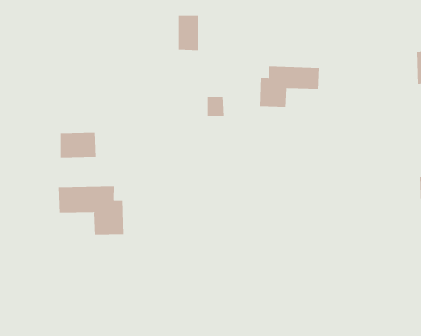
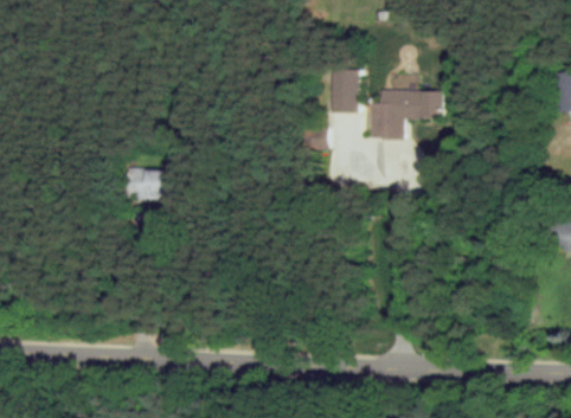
building: [178,15,199,51] -> [332,70,357,112]
building: [58,185,124,235] -> none

